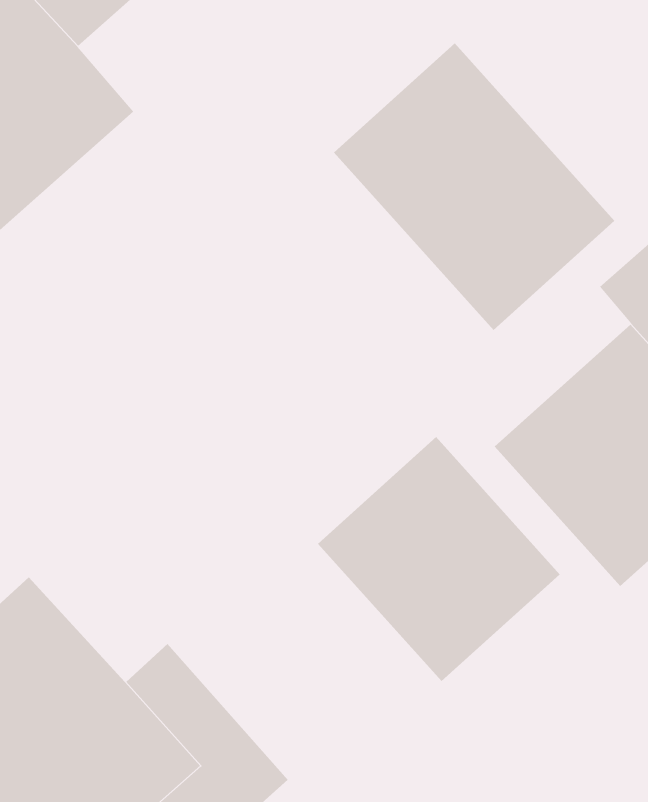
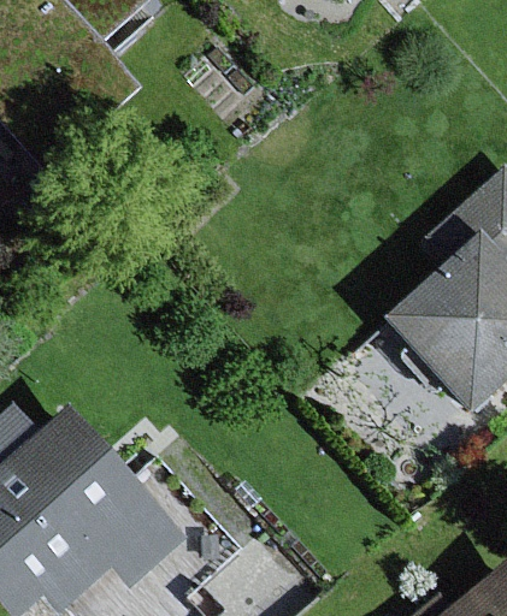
building: [333,43,615,331] -> none
building: [317,436,561,682] -> none

